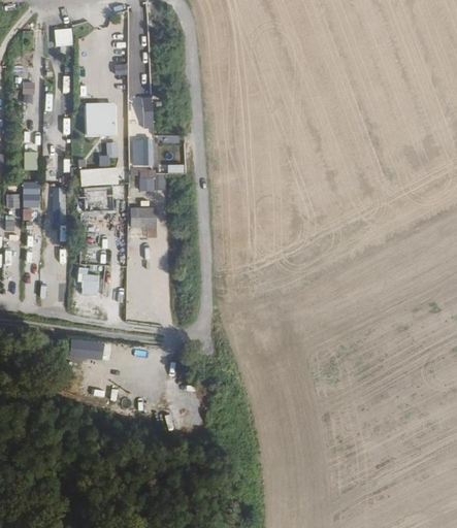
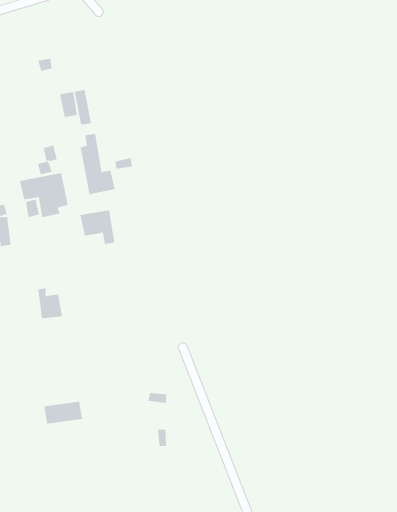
building: [86,102,117,138] -> none
building: [70,340,103,358] -> [43,401,83,424]

